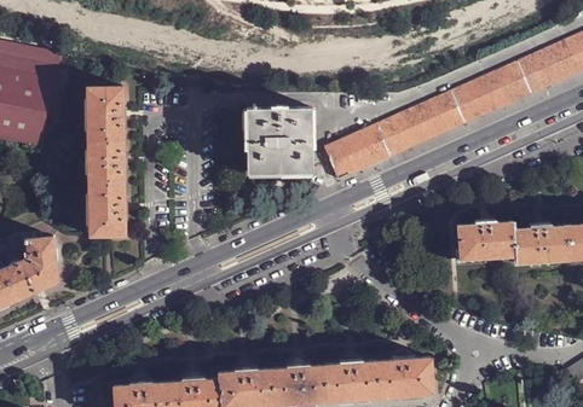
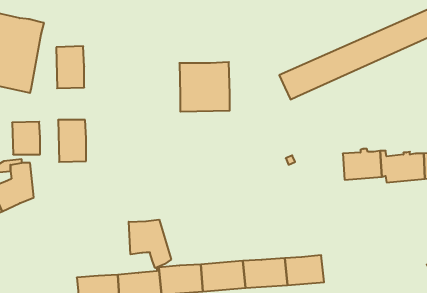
building: [323,124,389,180] -> none
building: [87,140,123,182] -> [12,122,40,154]
building: none -> [129,220,171,268]

